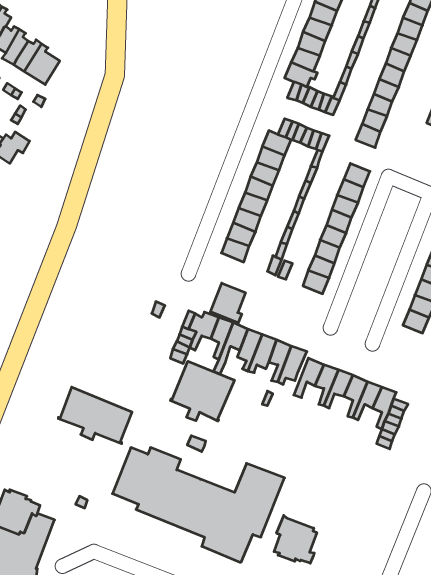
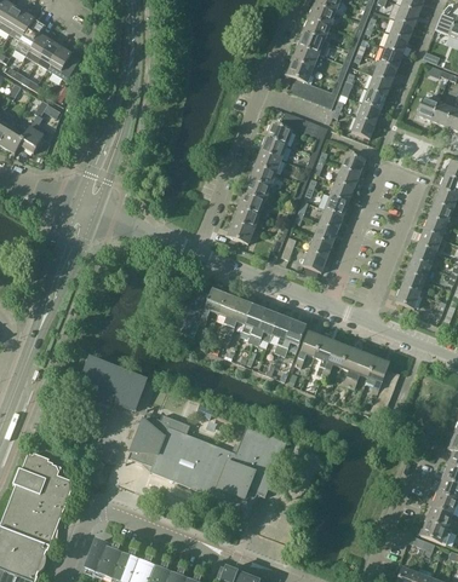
building: [210,283,245,323] -> none
building: [170,361,234,421] -> none
building: [274,515,317,563] -> none

